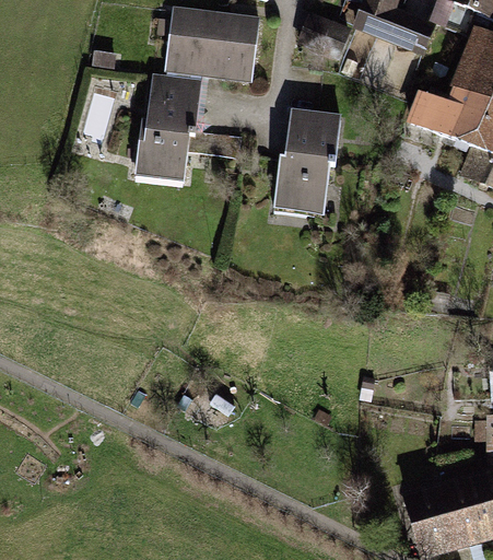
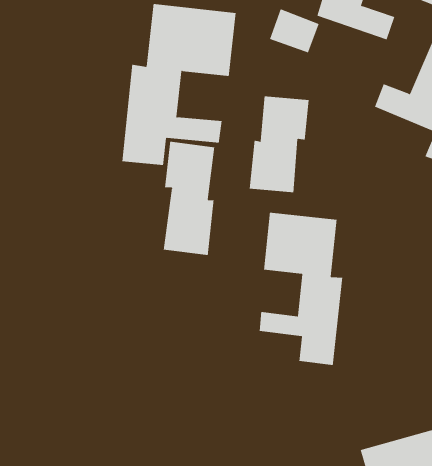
building: none -> [163,141,215,256]
building: none -> [259,212,343,366]

